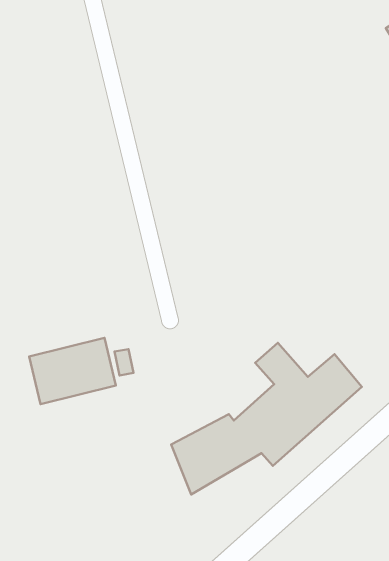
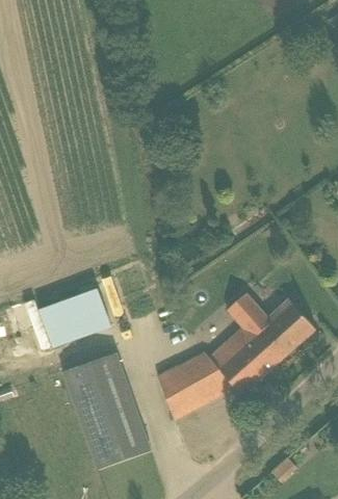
building: none -> [63,352,152,470]

